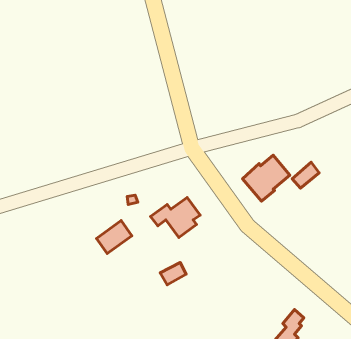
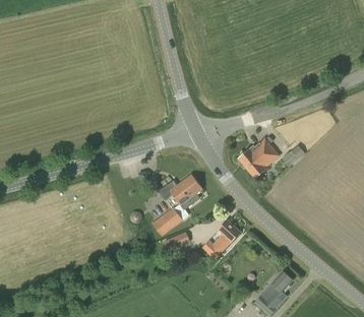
building: [96,221,132,254] -> [153,206,183,235]
building: none -> [203,218,241,258]

